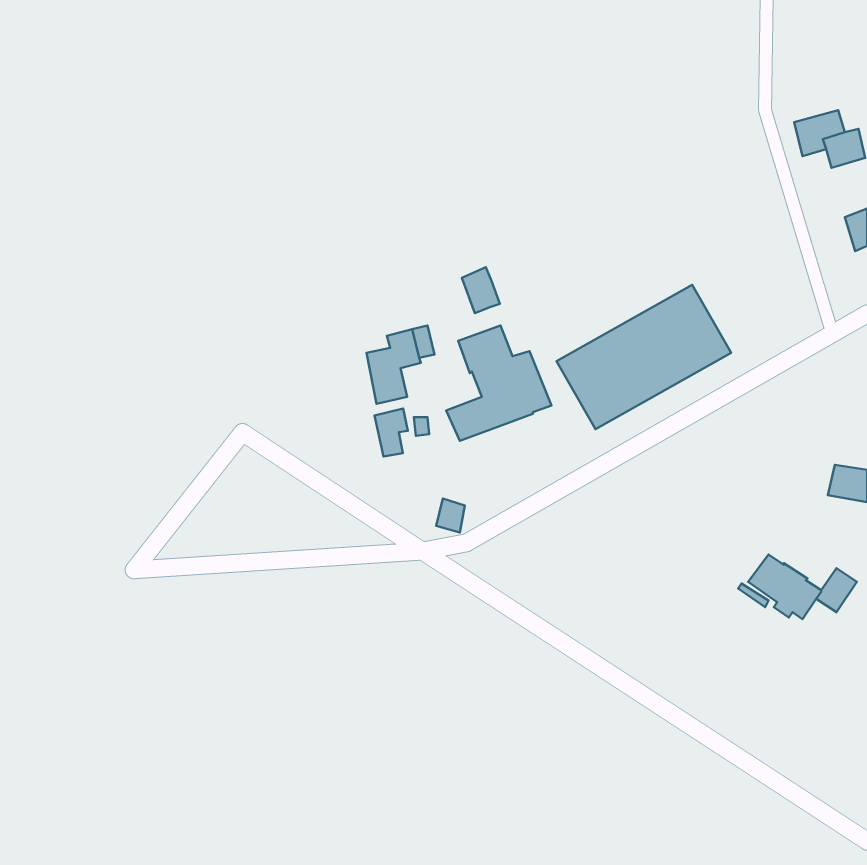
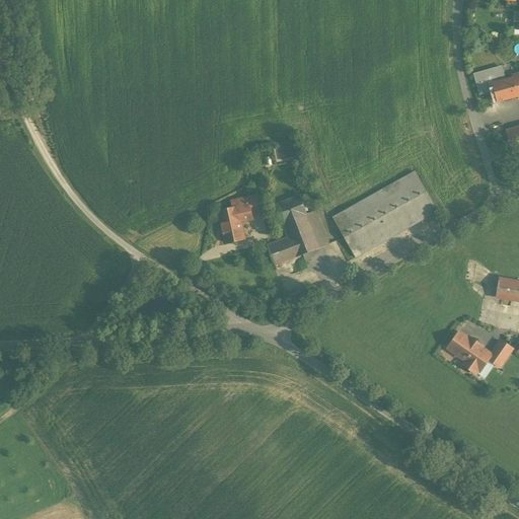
building: [462,267,500,313] -> none
building: [374,409,408,457] -> none

